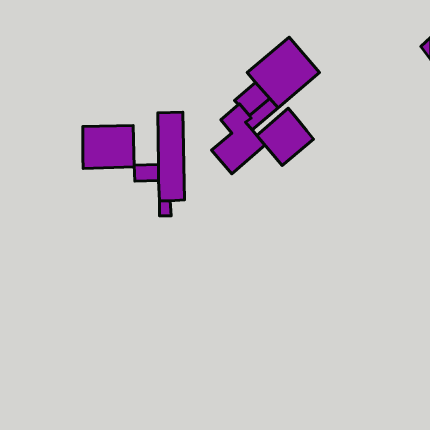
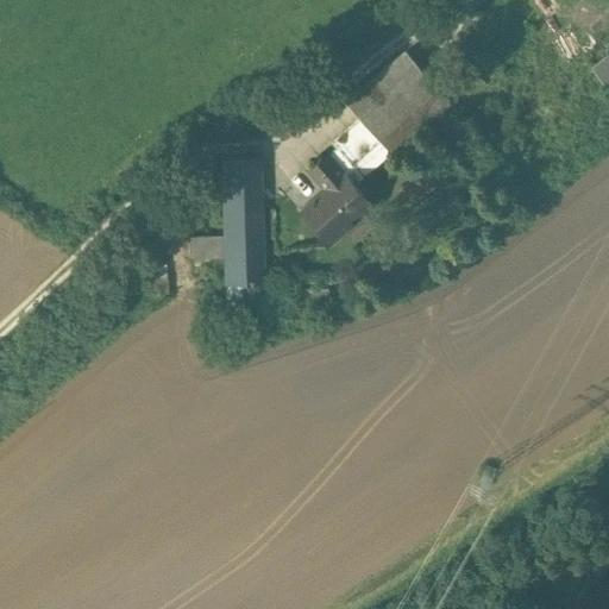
building: [257,108,313,166] -> none
building: [83,125,134,168] -> none

